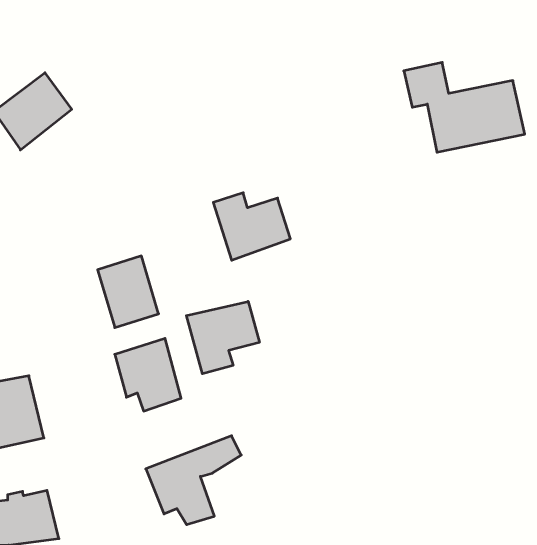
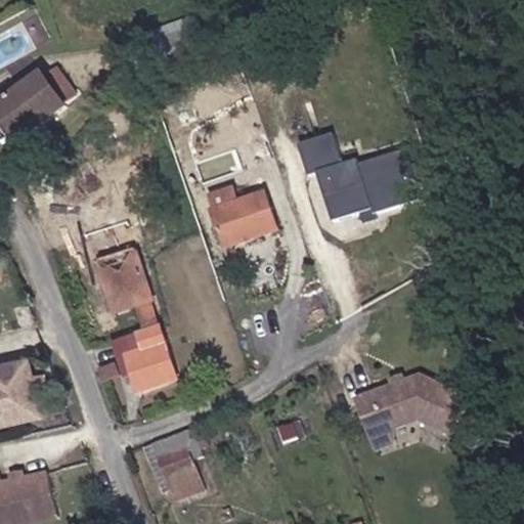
building: [404,62,525,152] -> [294,130,409,216]
building: [186,301,259,374] -> none
building: none -> [349,373,469,455]

